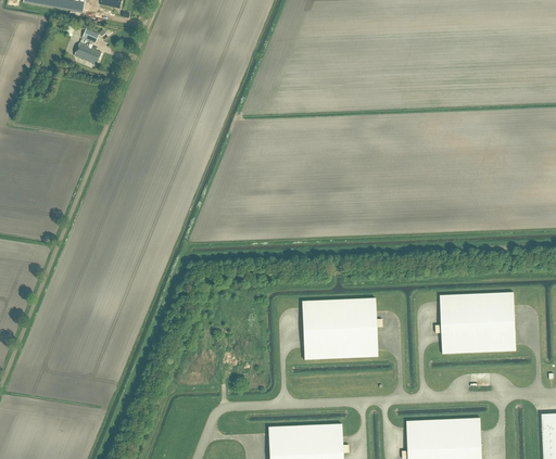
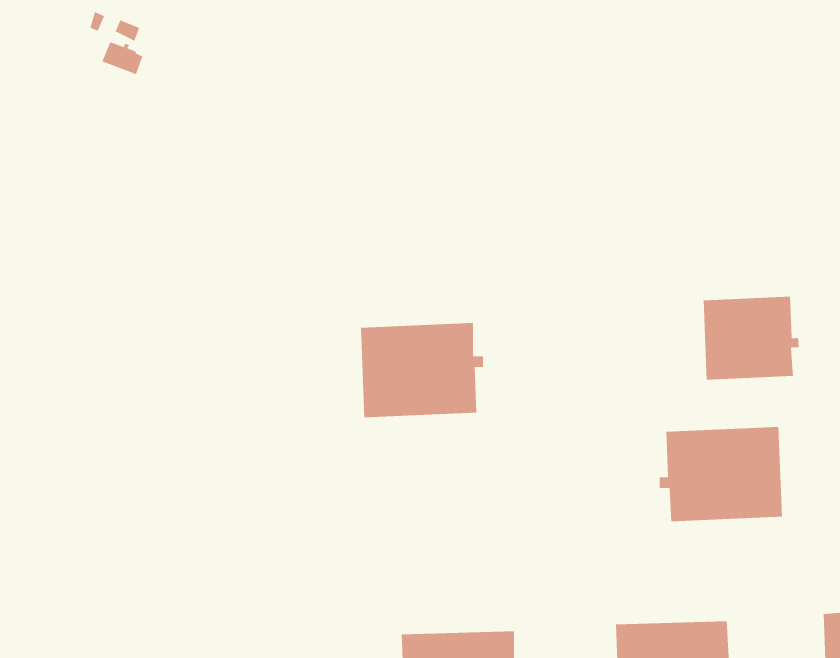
building: none -> [703,296,799,380]
building: [302,297,382,359] -> [360,322,484,418]

